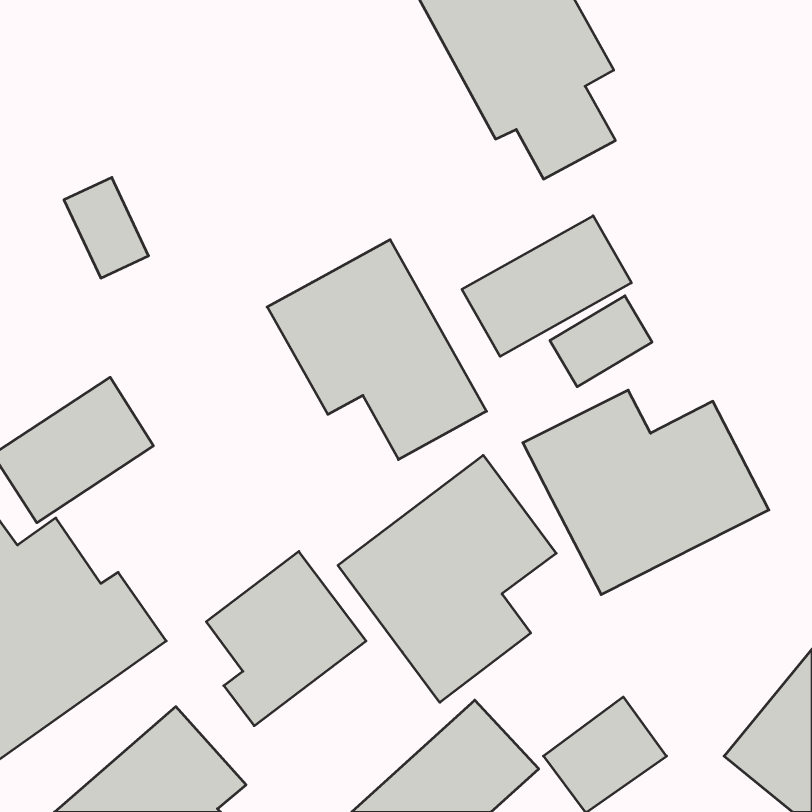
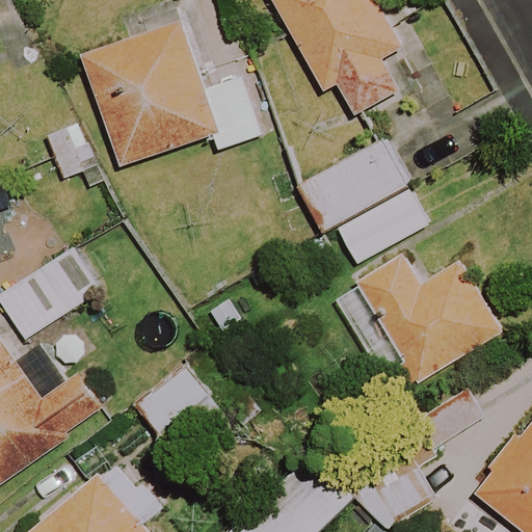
building: none -> [82,22,262,166]
building: [267,240,487,460] -> none
building: [338,455,556,702] -> none

